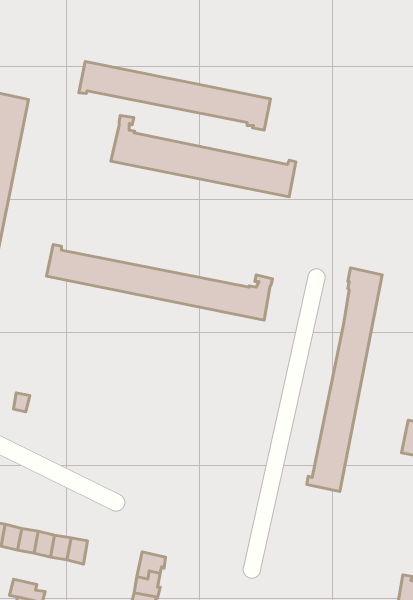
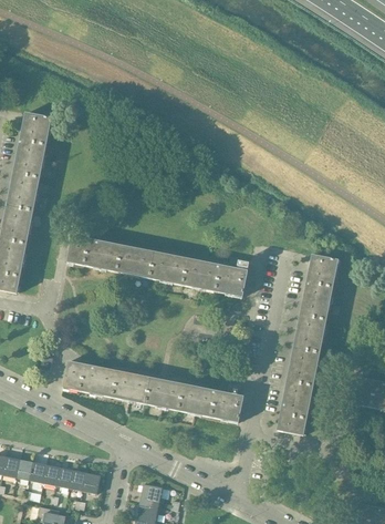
building: [79,62,270,130] -> none
building: [111,116,296,197] -> none
building: none -> [62,360,242,421]

